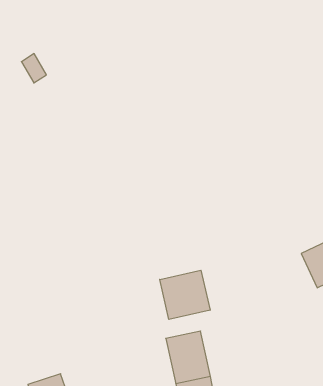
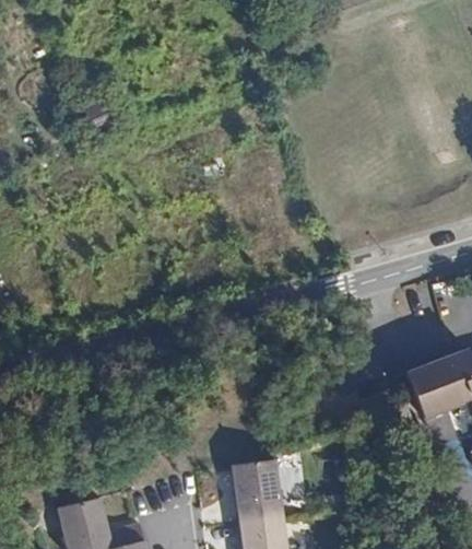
building: [160,270,210,319] -> none

